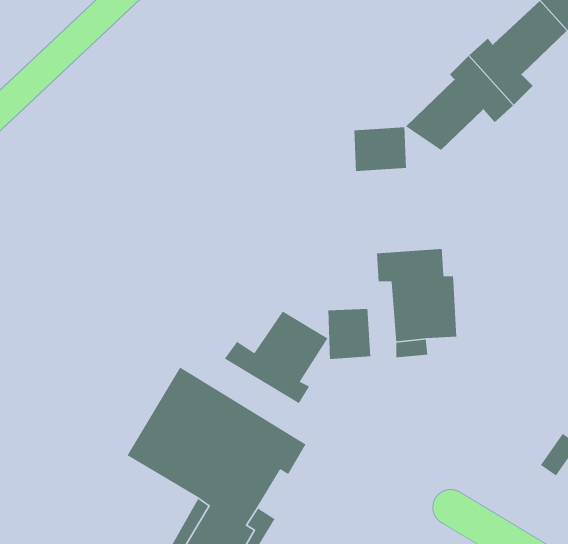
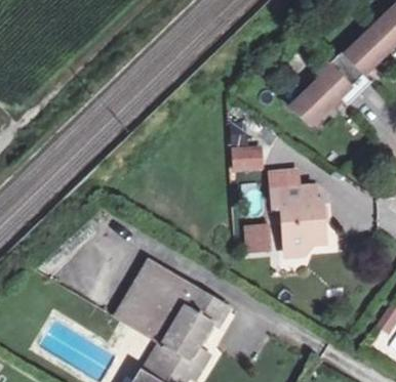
building: [353,127,407,172] -> [228,142,262,171]
building: [224,311,328,404] -> none

